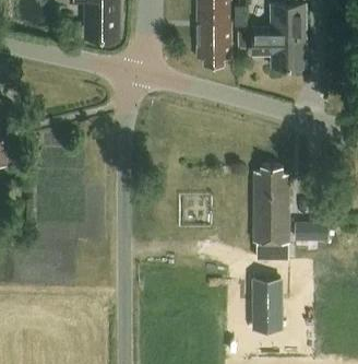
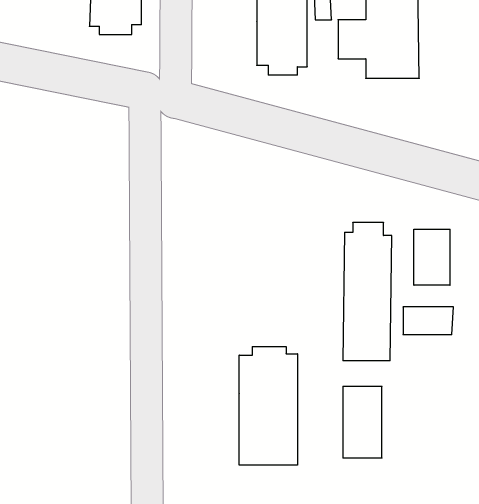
building: none -> [414,229,450,285]
building: none -> [239,347,297,465]

